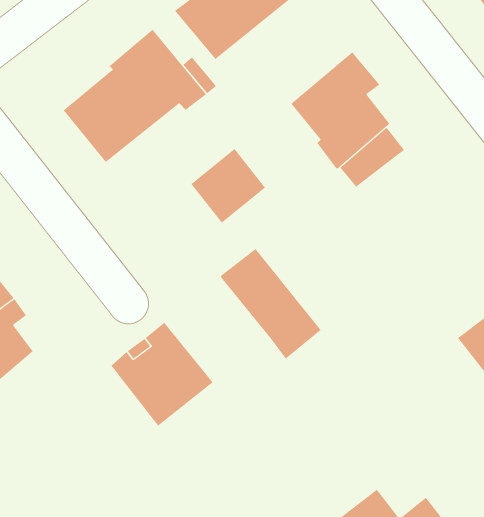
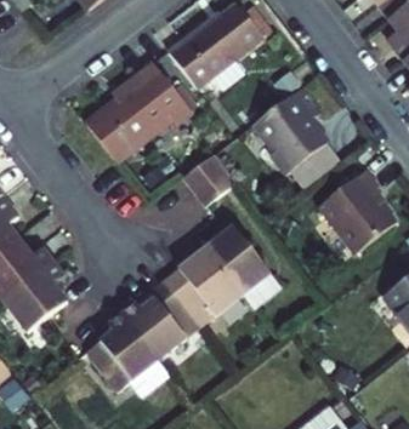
building: none -> [319,164,394,247]
building: none -> [163,248,242,327]
building: none -> [83,315,170,400]

